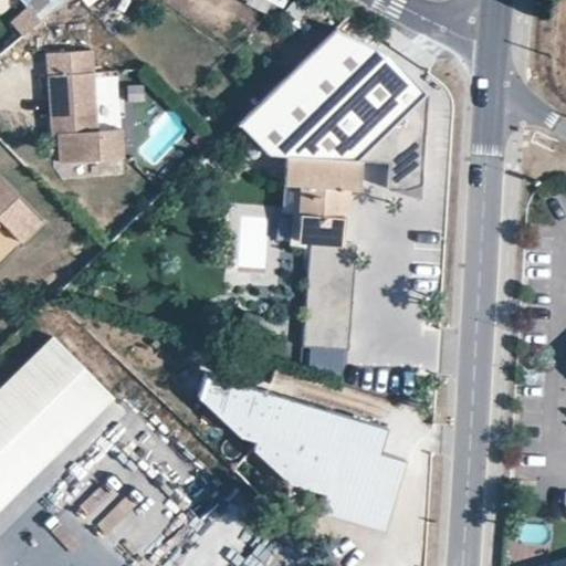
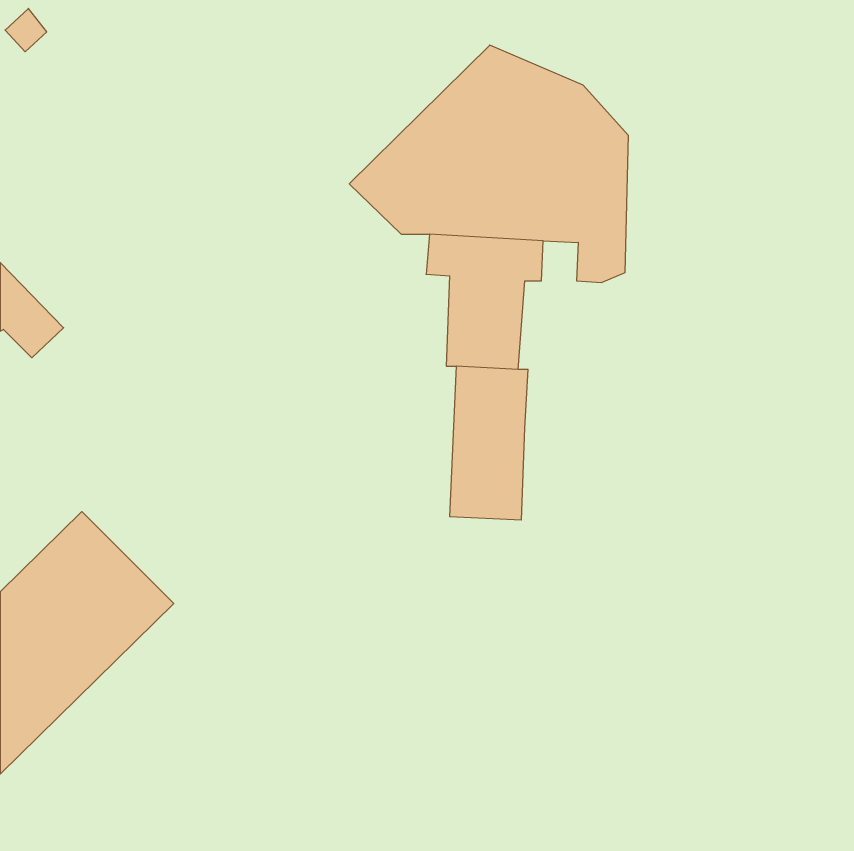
building: [45,44,120,156] -> none
building: [201,376,409,533] -> none

